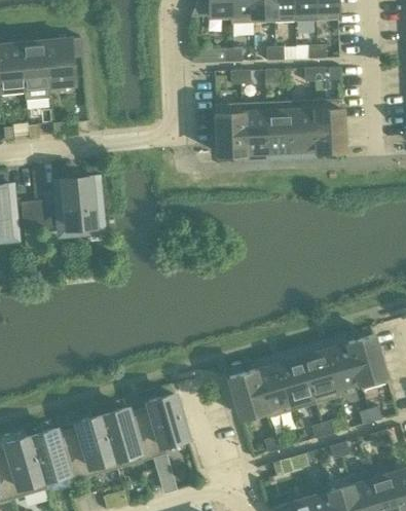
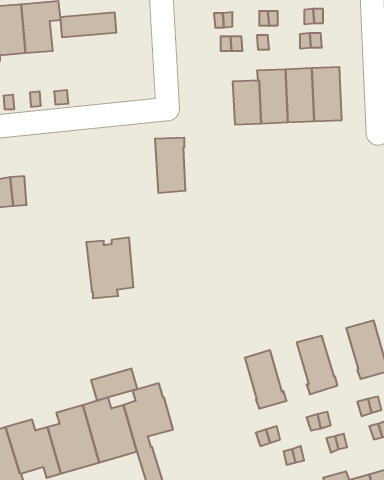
building: none -> [60,12,116,37]
building: [216,103,245,154] -> [155,138,186,193]
building: [57,176,101,232] -> [86,238,134,298]
building: [326,342,360,388] -> none
building: [278,356,313,402] -> none
building: [229,370,265,416] -> none
building: none -> [91,368,137,401]

